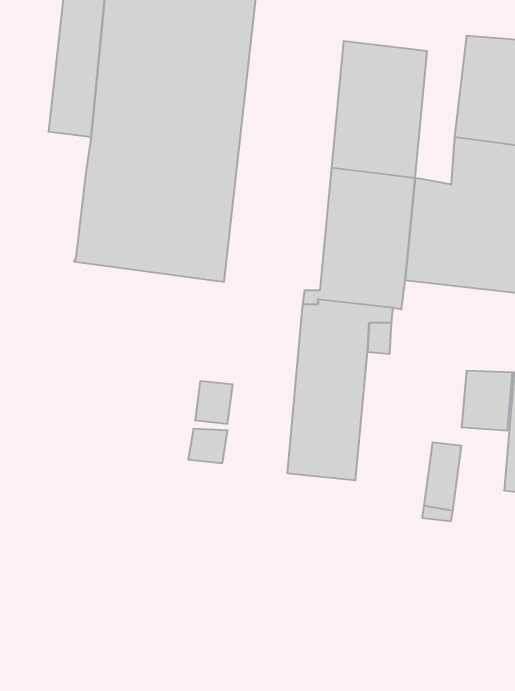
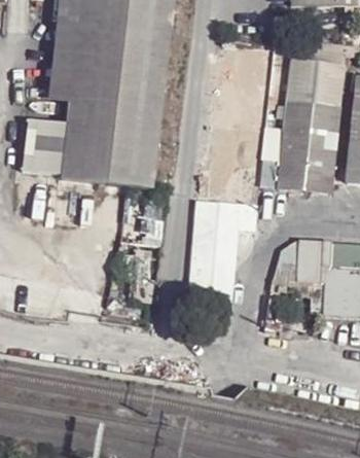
building: none -> [23,116,67,173]

